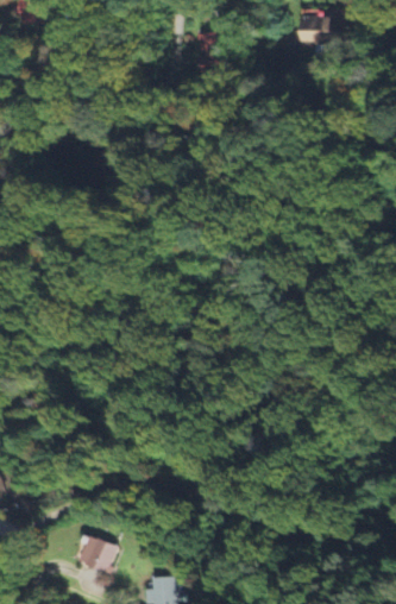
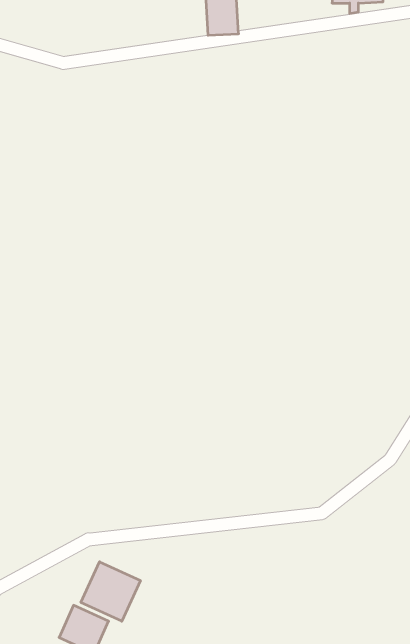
building: none -> [81,562,140,621]

